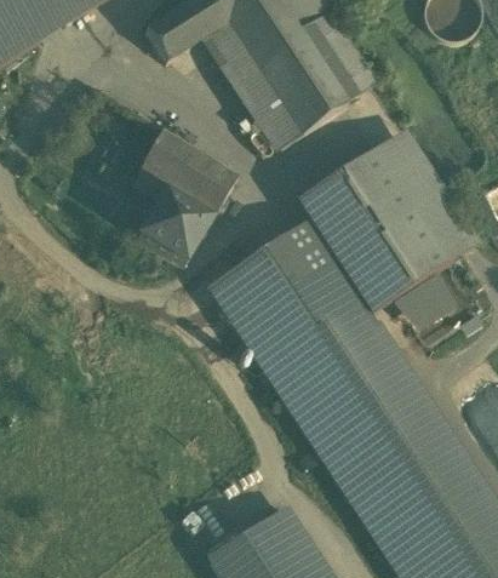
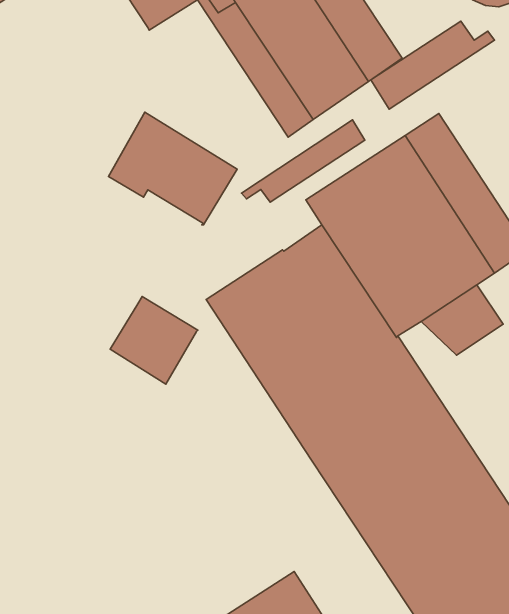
building: none -> [371,21,495,109]
building: none -> [242,120,365,202]
building: [136,193,208,265] -> [110,296,198,384]

